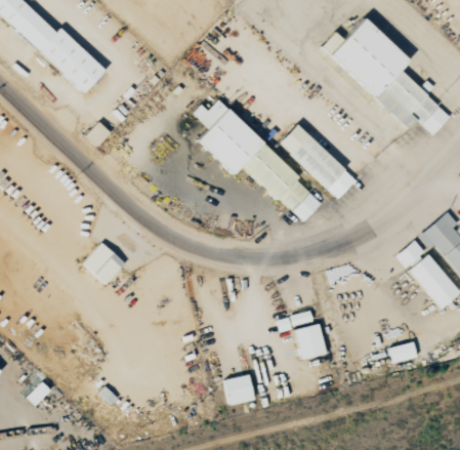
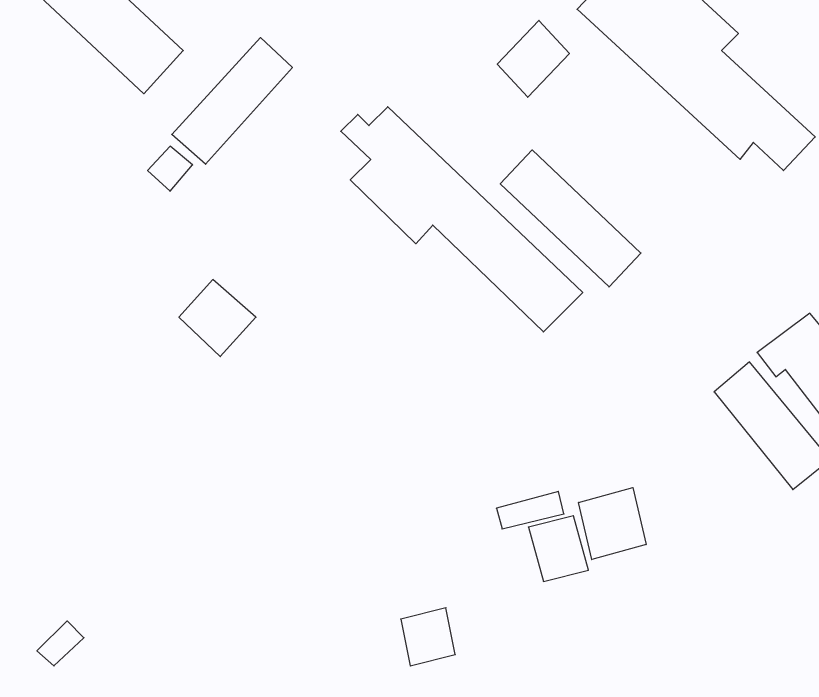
building: none -> [497,20,569,97]
building: none -> [172,38,292,164]
building: [84,243,126,285] -> [179,280,256,357]
building: none -> [579,488,646,560]
building: [389,341,418,364] -> none

